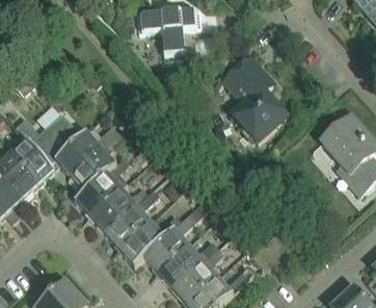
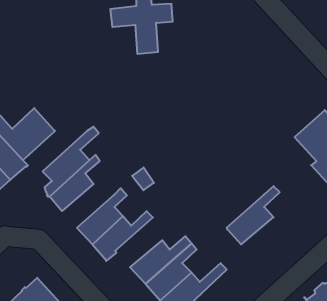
building: [223,55,287,140] -> none
building: [56,123,120,175] -> none
building: [89,187,141,231] -> none
building: [142,212,195,271] -> [227,186,280,244]

